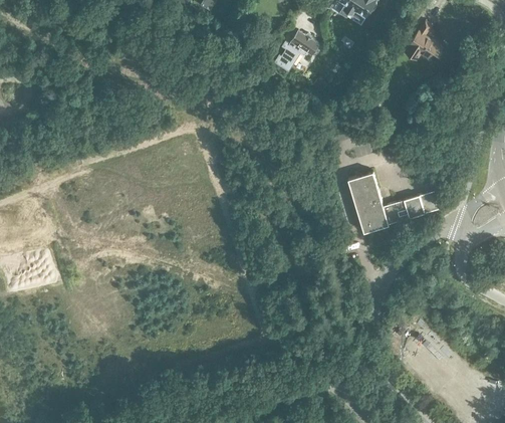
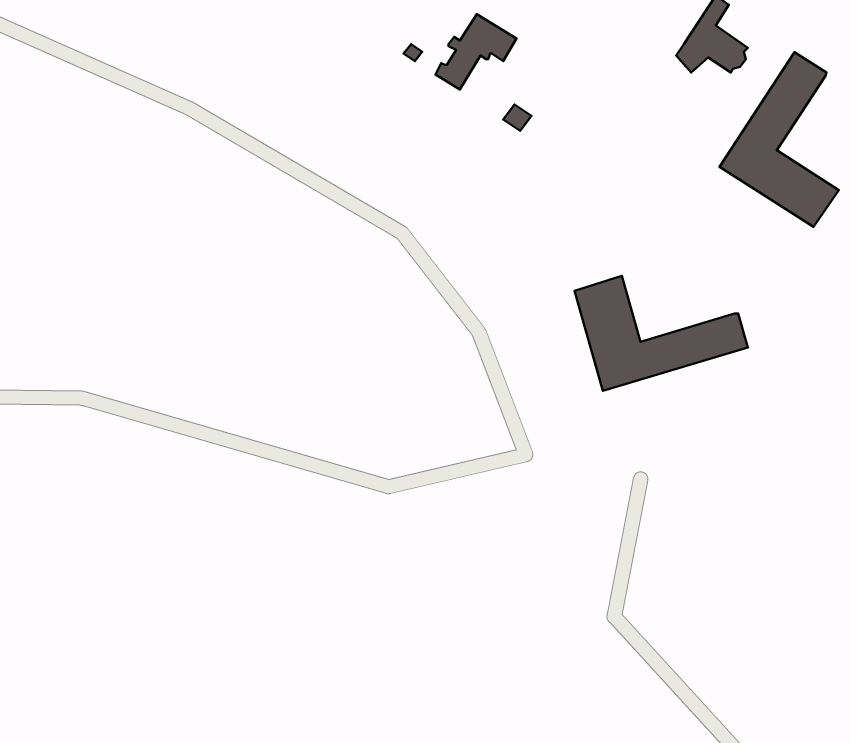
building: none -> [719,52,839,227]

